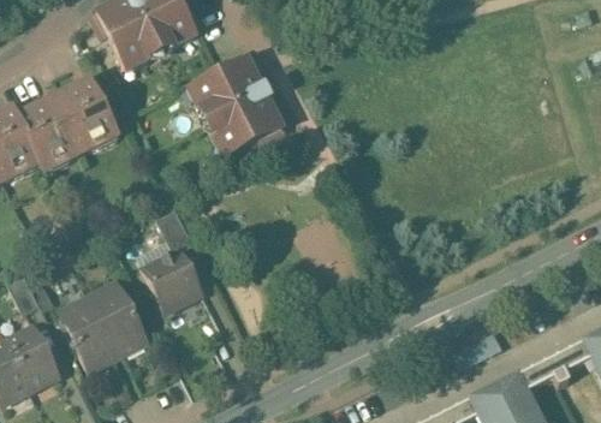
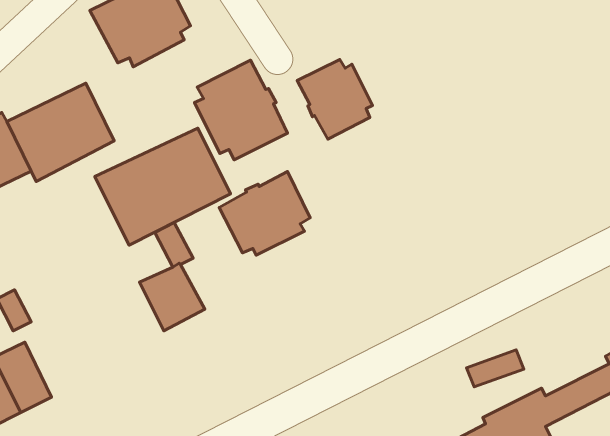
building: none -> [297,59,372,139]
building: none -> [95,128,231,245]
building: none -> [219,172,310,255]
building: [60,282,148,371] -> none

